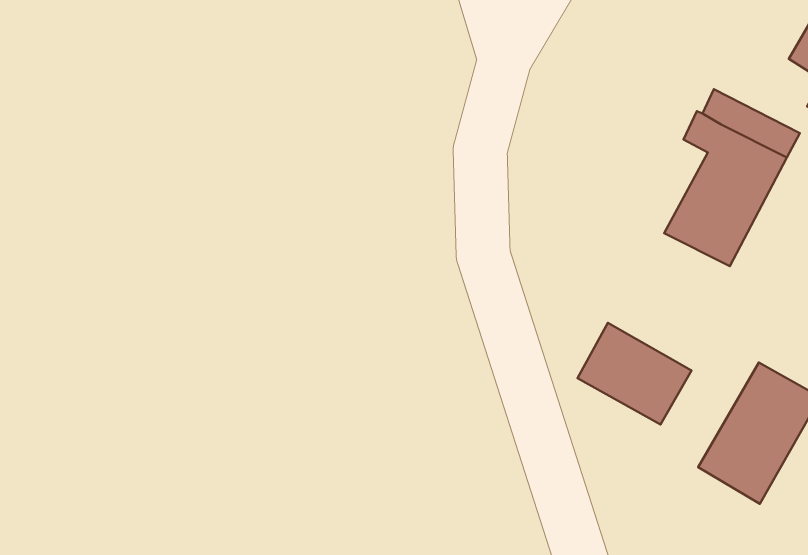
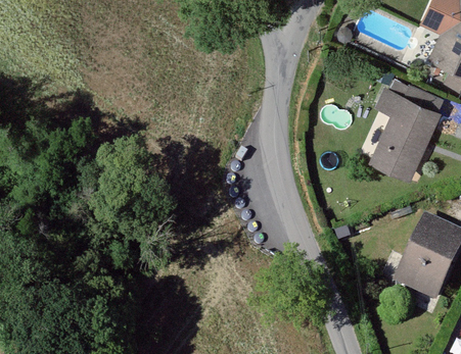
building: [577,323,692,425] -> none

